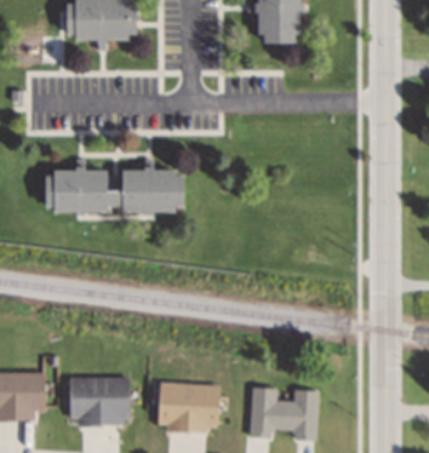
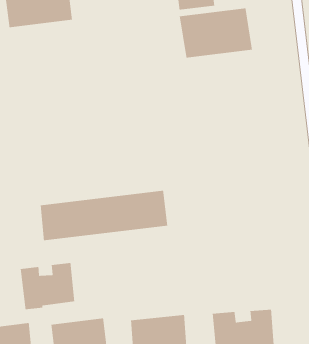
building: none -> [179,8,253,58]
building: [42,171,184,212] -> [40,190,168,241]
building: none -> [20,262,75,310]

